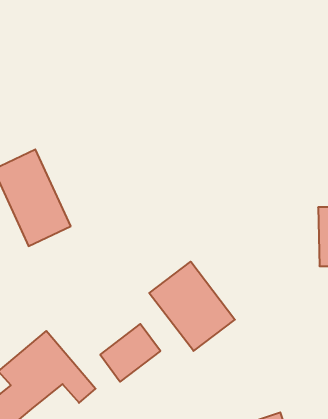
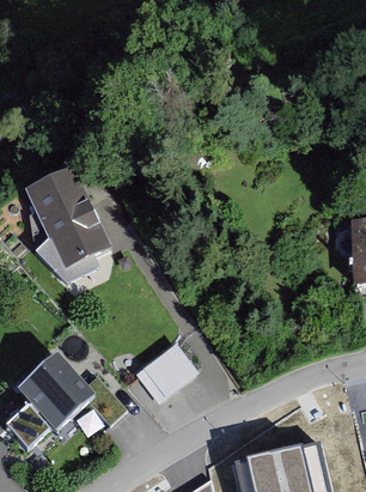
building: [149,262,235,351] -> none

